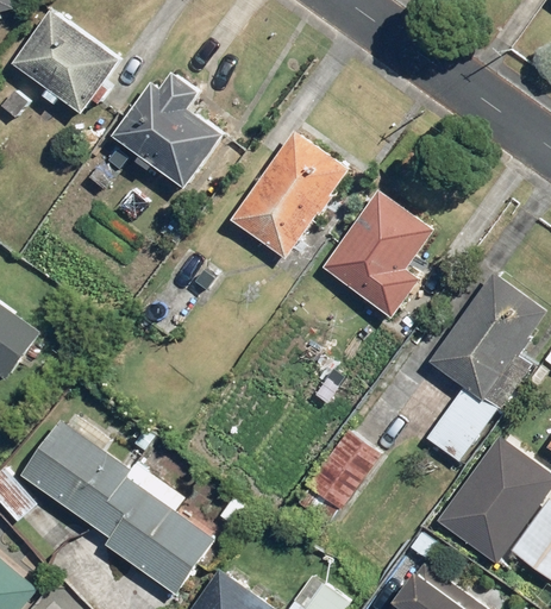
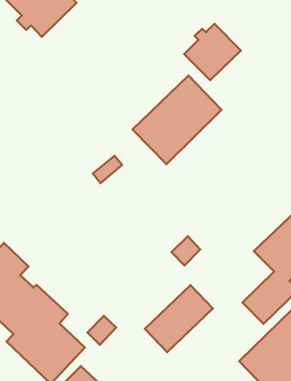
building: none -> [184,24,241,80]
building: [112,74,225,192] -> none
building: [325,190,434,315] -> none

